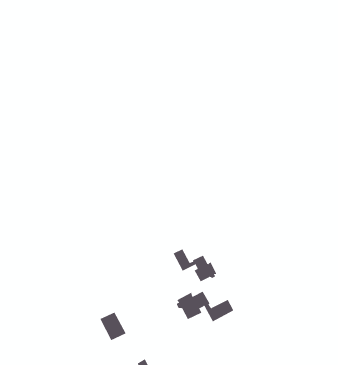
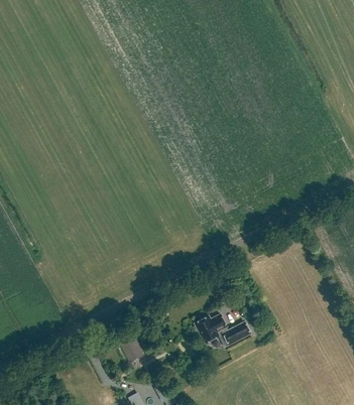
building: [173,249,217,282] -> none

